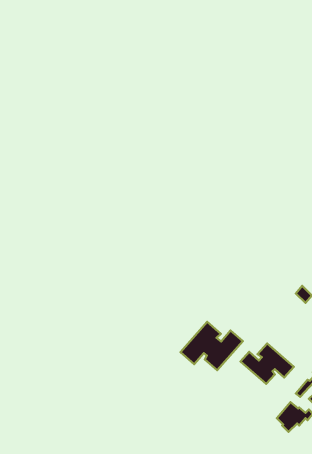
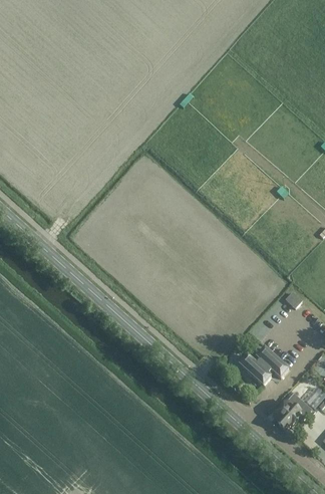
building: [180,322,243,370] -> none

